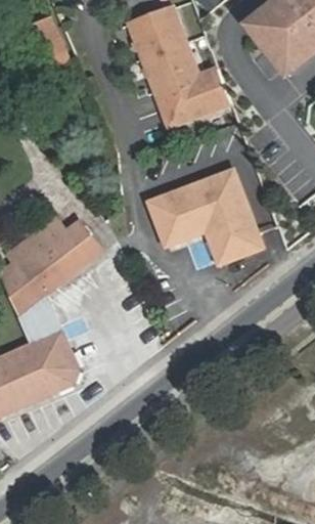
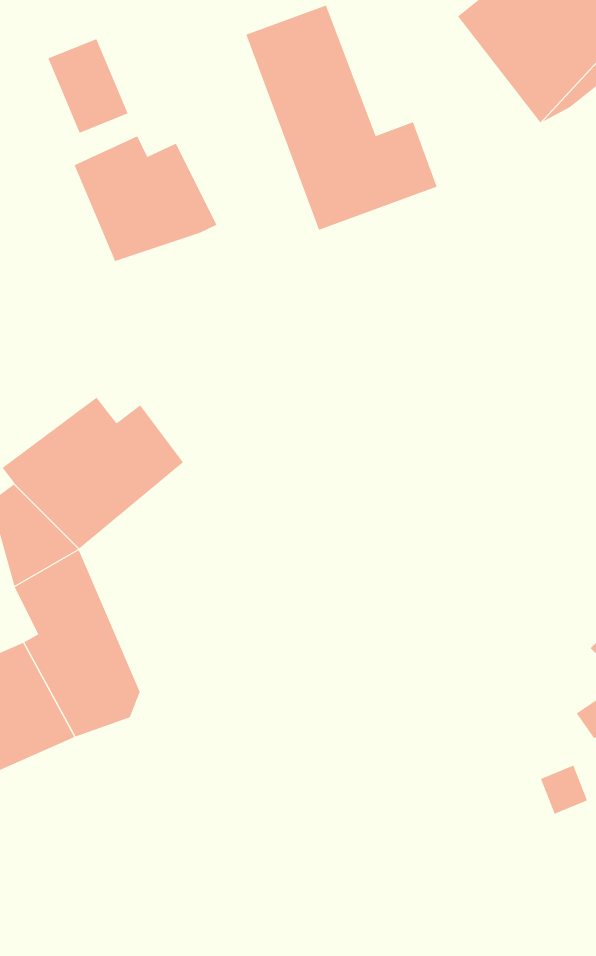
building: none -> [74,135,217,262]
building: [142,164,262,265] -> none

